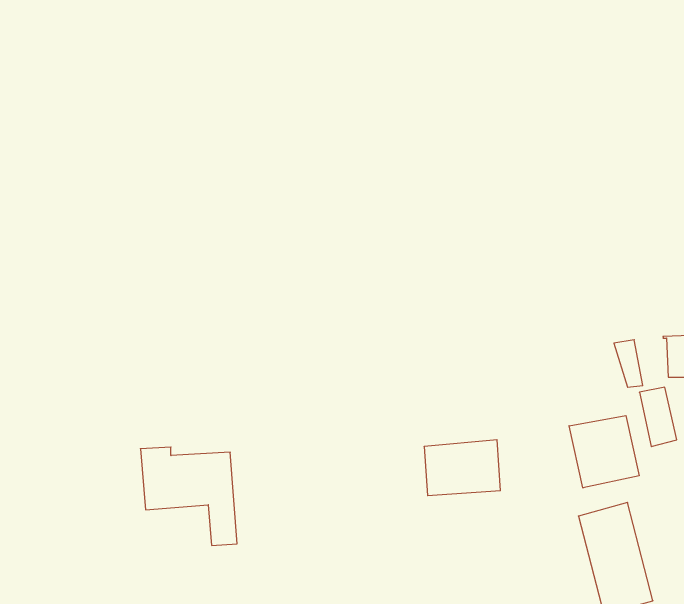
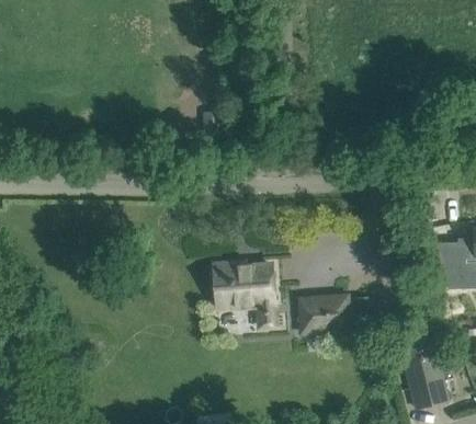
building: [569,416,639,488] -> none
building: [140,447,237,545] -> [215,263,277,326]

